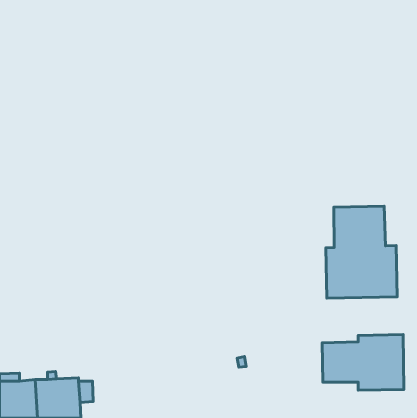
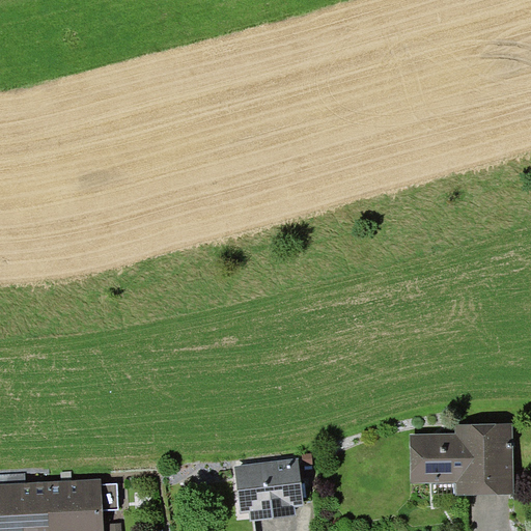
building: [326,206,397,298] -> none
building: none -> [233,457,303,521]

